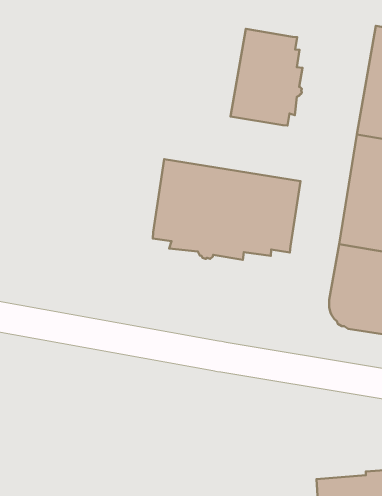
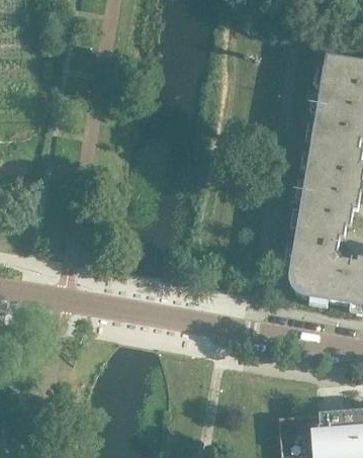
building: [231,29,303,126] -> none
building: [153,159,301,260] -> none

